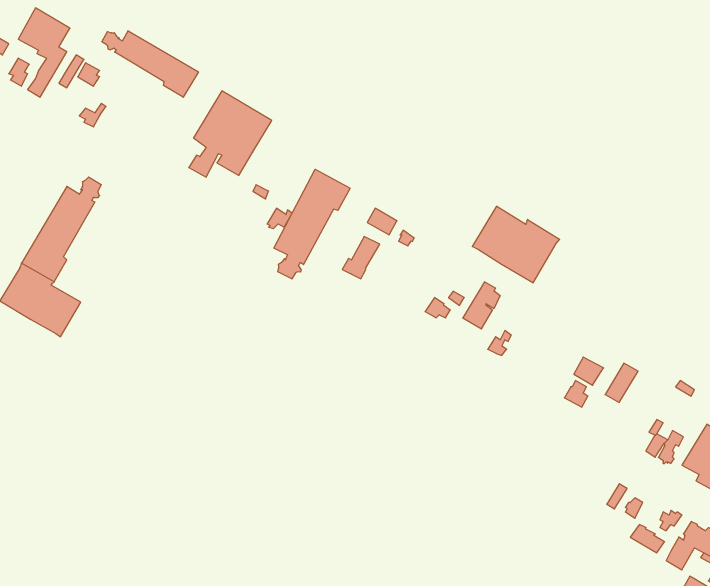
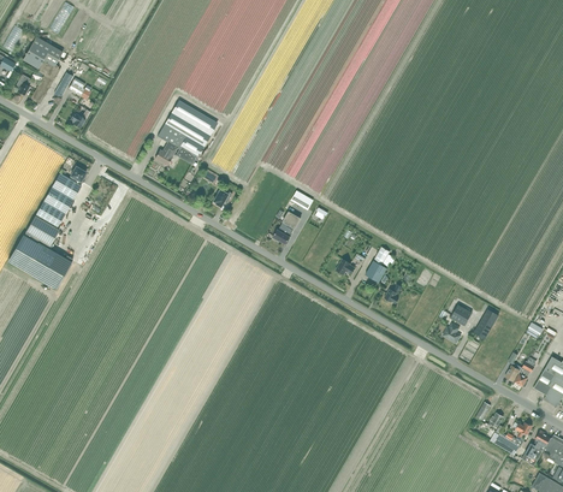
building: [102,31,198,97] -> none
building: [274,169,350,279] -> none
building: [472,206,560,283] -> none

